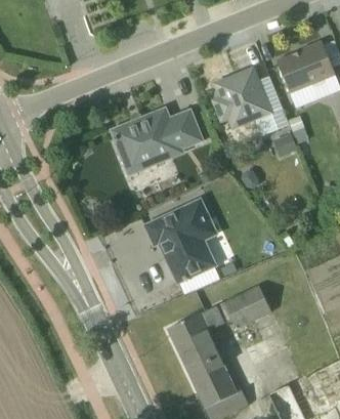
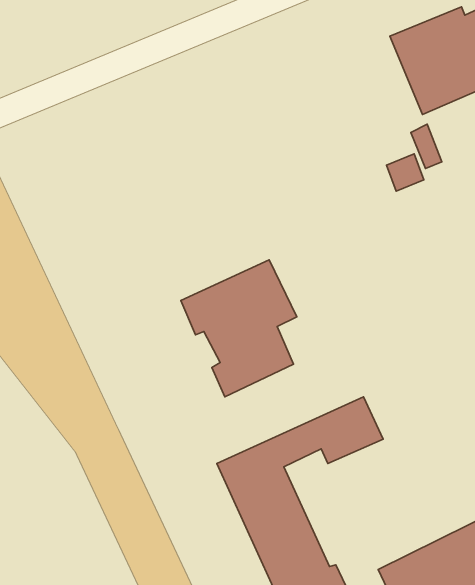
building: [212,67,289,135] -> none
building: [110,108,204,175] -> none

